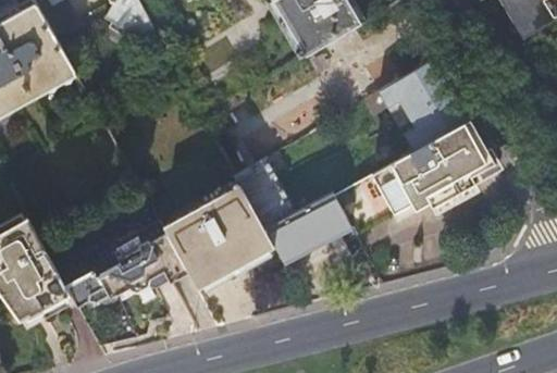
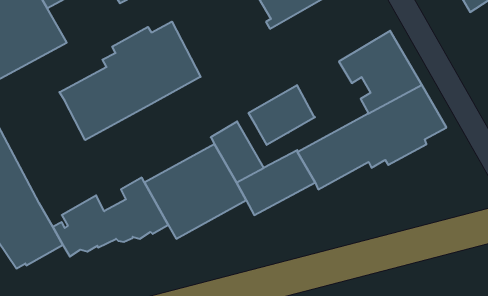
building: none -> [59,22,201,140]
building: none -> [249,85,315,145]

